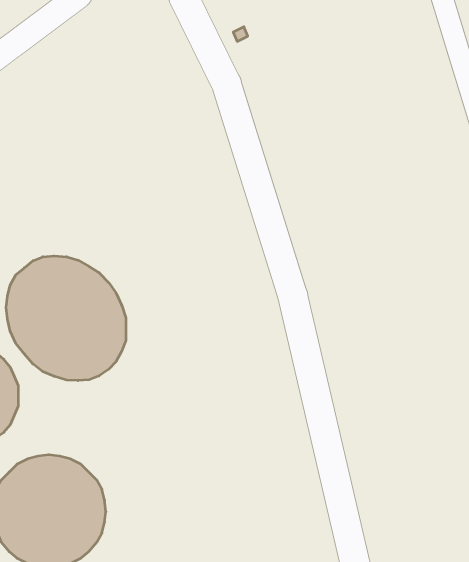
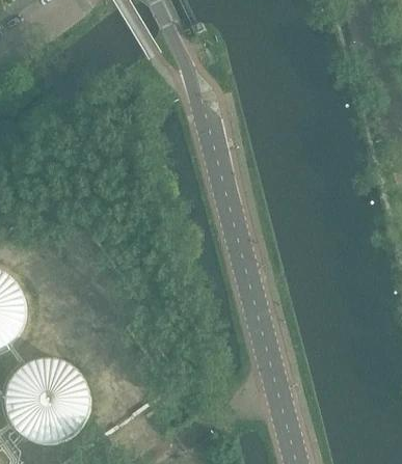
building: [6,256,126,381] -> none

